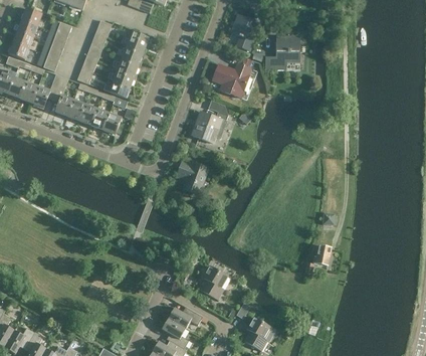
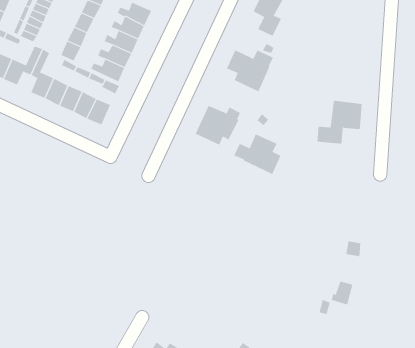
building: [264,34,299,69] -> [316,100,363,144]
building: none -> [233,133,281,175]
building: [176,161,206,193] -> none
building: [199,265,226,299] -> none

